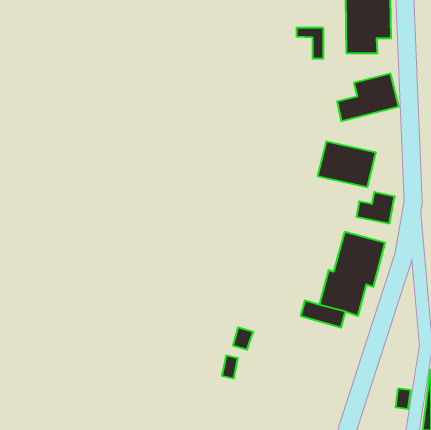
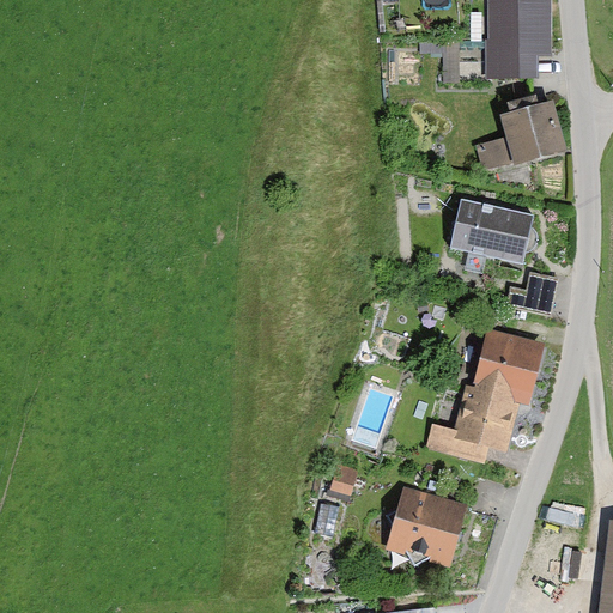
building: none -> [386,484,468,568]

